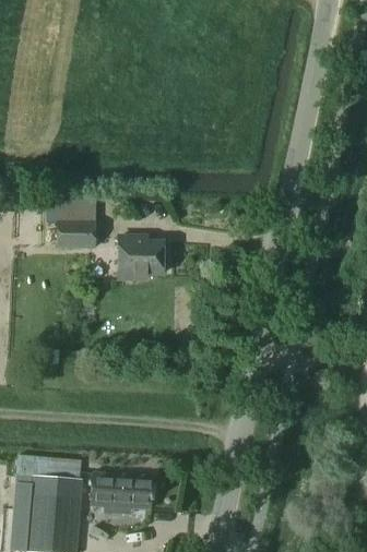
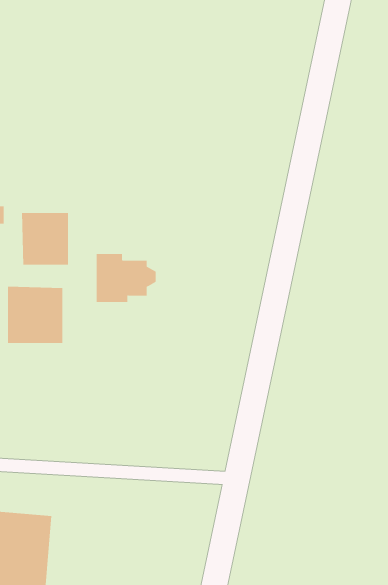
building: none -> [8,286,63,344]
building: [91,472,152,514] -> none

